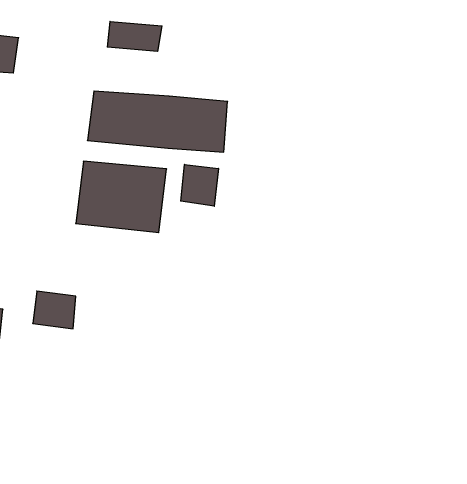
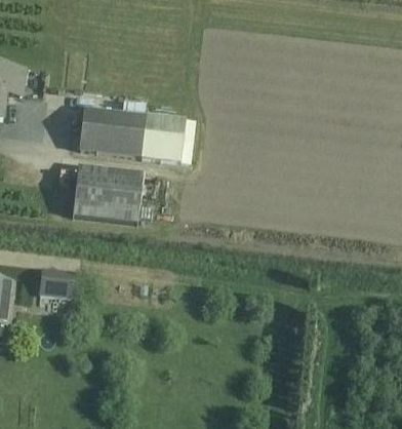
building: [107,21,162,51] -> none
building: [181,164,218,206] -> none

